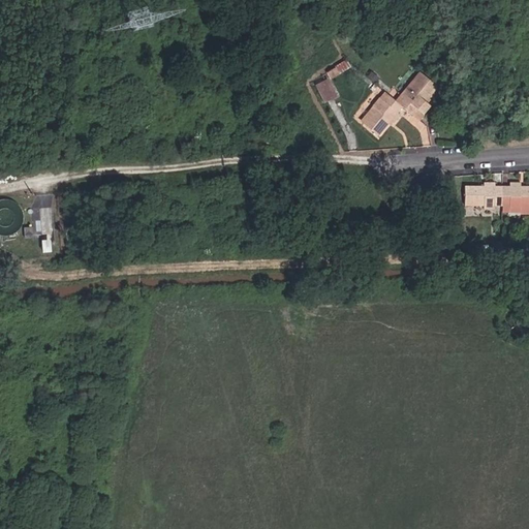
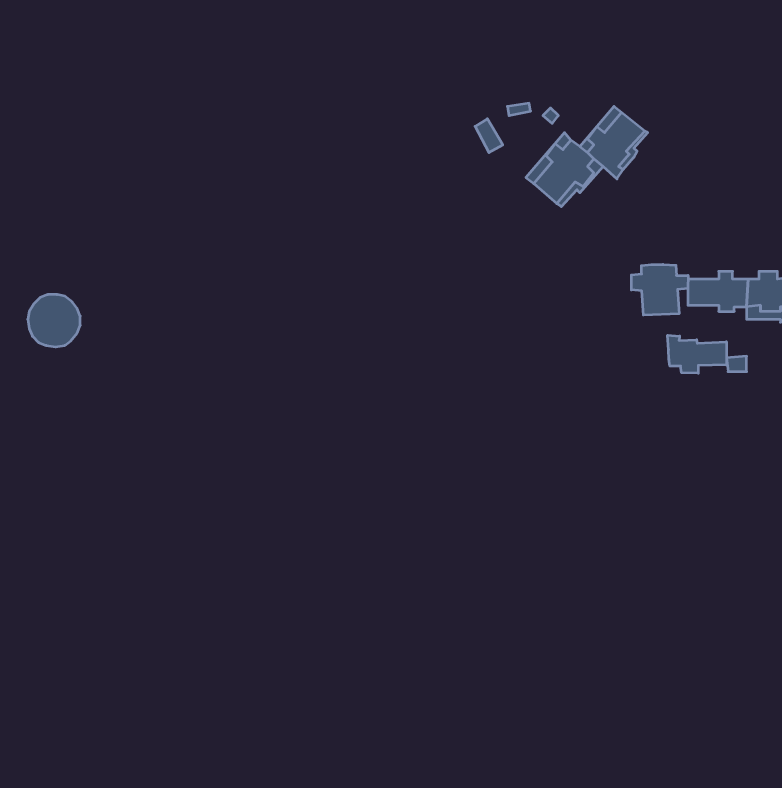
building: none -> [631,264,688,315]
building: none -> [668,335,726,373]

